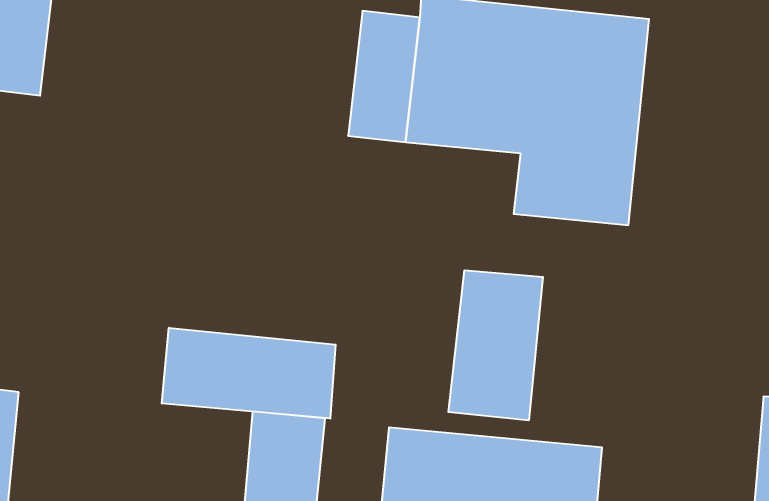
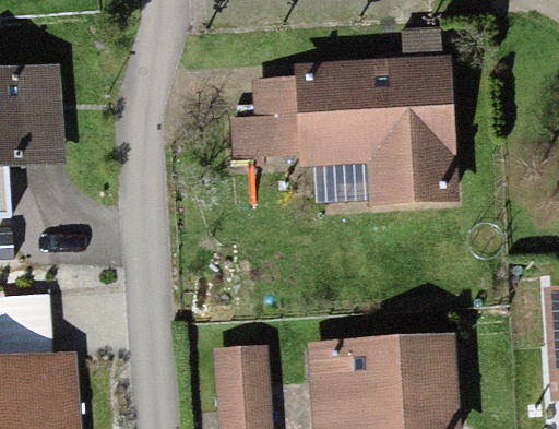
building: [448,270,543,420] -> none
building: [162,328,336,419] -> none

